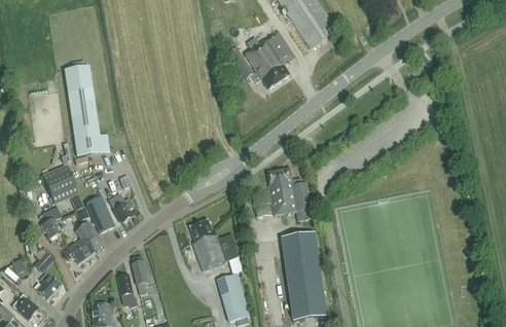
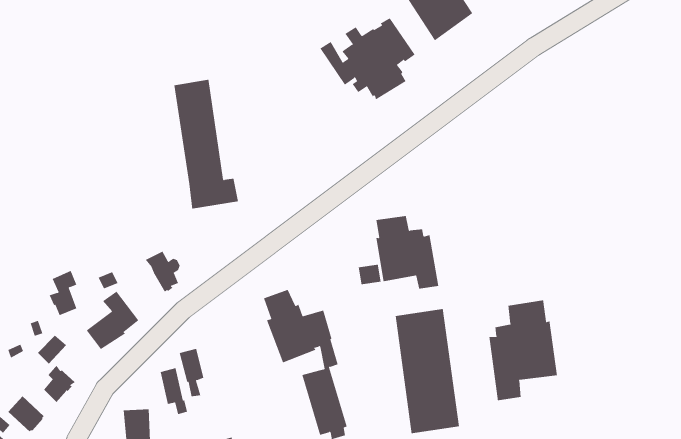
building: [64,65,109,155] -> [174,79,239,209]
building: [43,165,78,204] -> none
building: [86,195,114,232] -> none
building: none -> [489,299,557,401]

